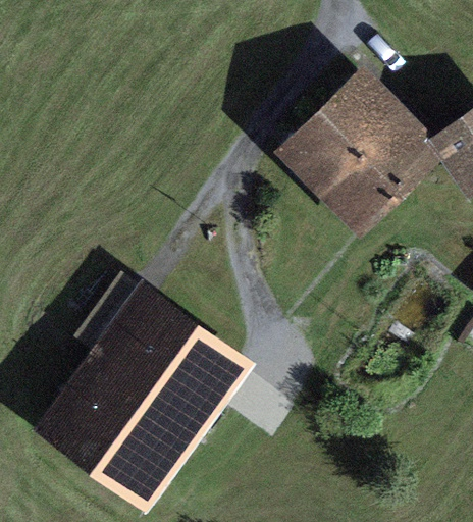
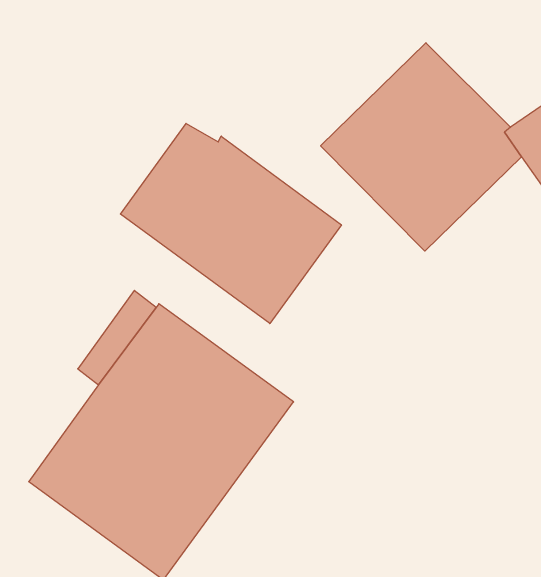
building: none -> [120,123,341,324]

